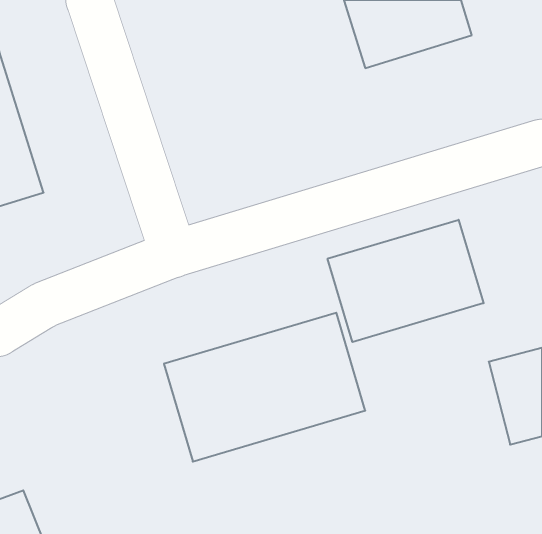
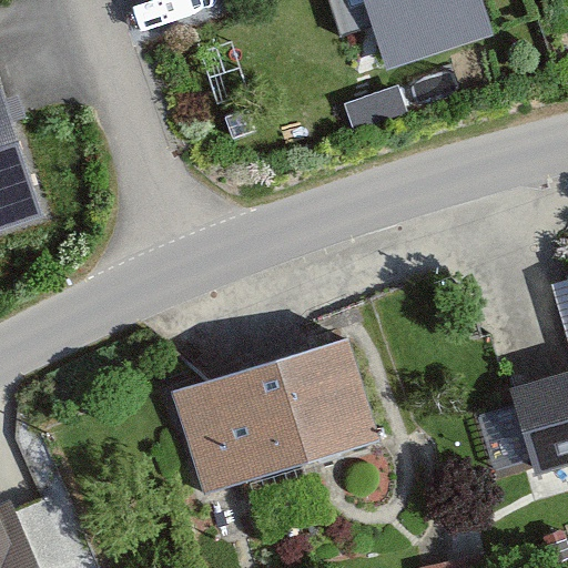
building: [328,220,484,342] -> none

